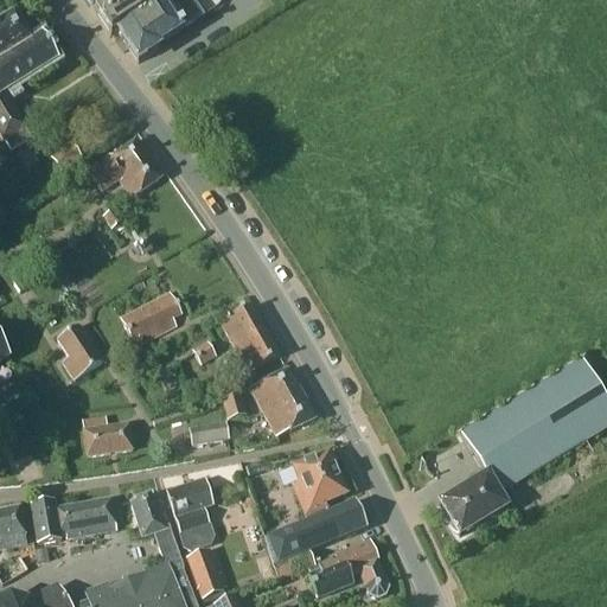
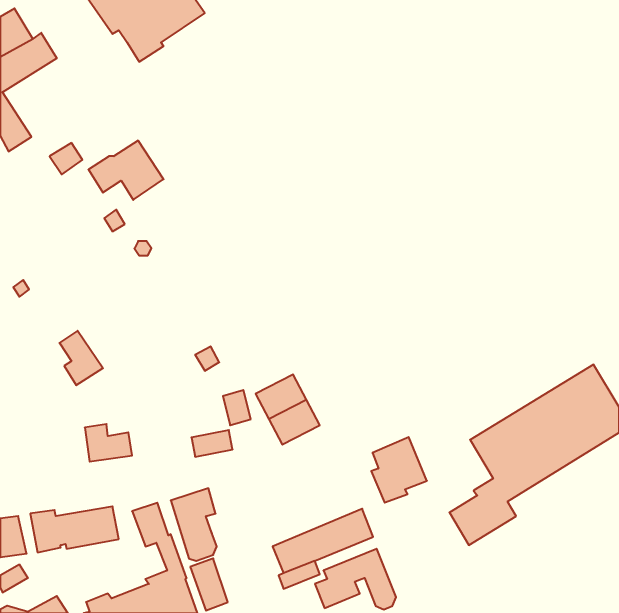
building: [120,289,180,340] -> none
building: [218,301,280,369] -> none
building: [292,449,346,513] -> [371,437,427,503]

